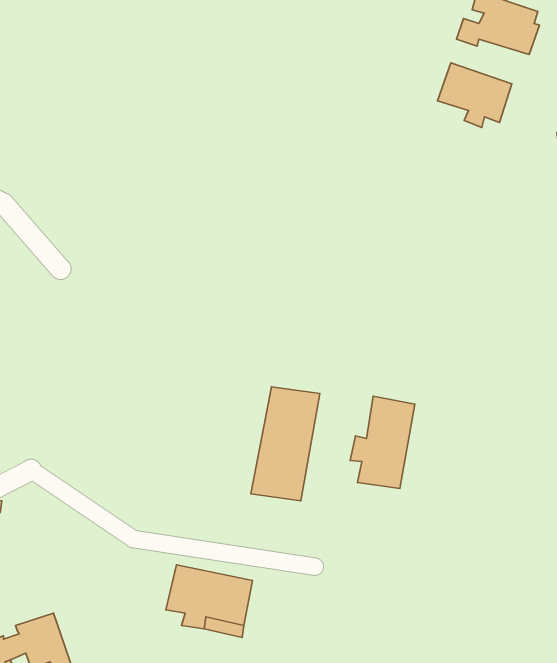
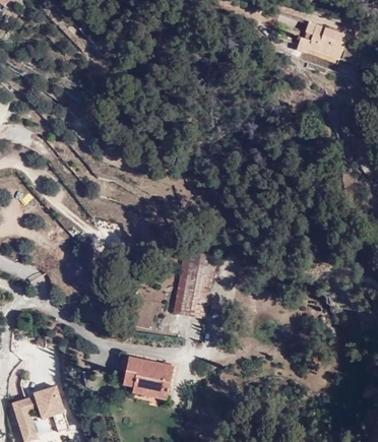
building: [438,63,512,127] -> none
building: [350,396,415,489] -> none

